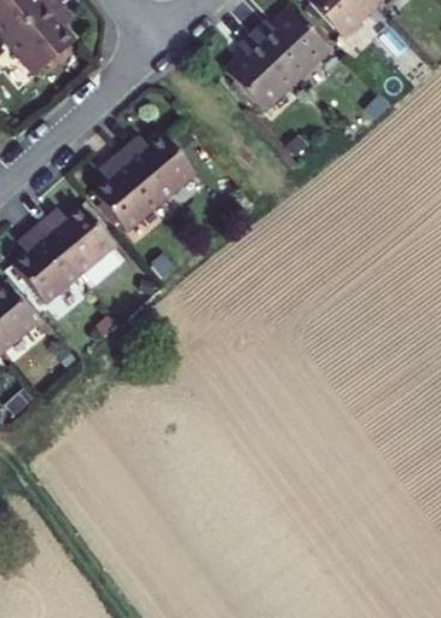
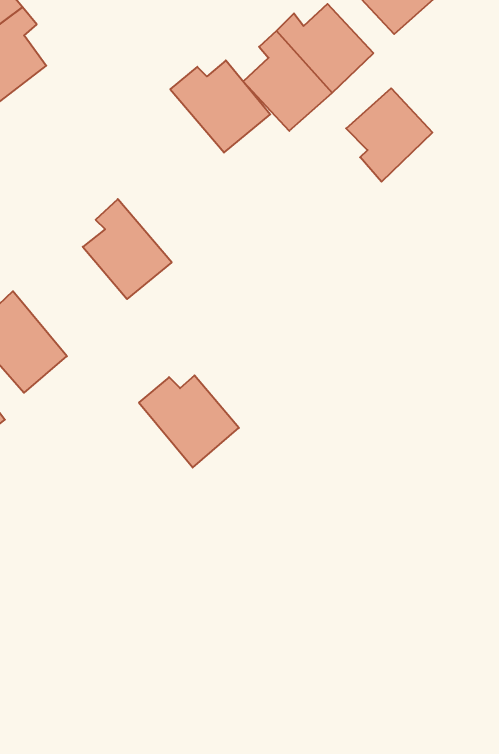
building: none -> [346,88,432,182]
building: [124,133,201,203] -> [170,60,270,153]
building: [45,204,121,274] -> [139,375,239,468]

